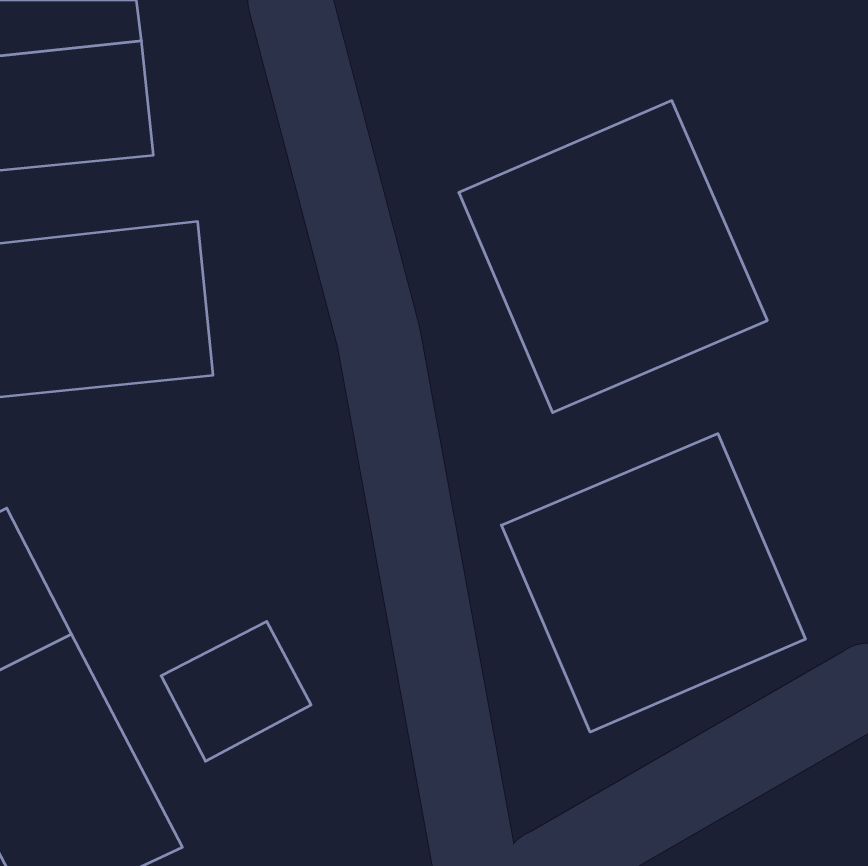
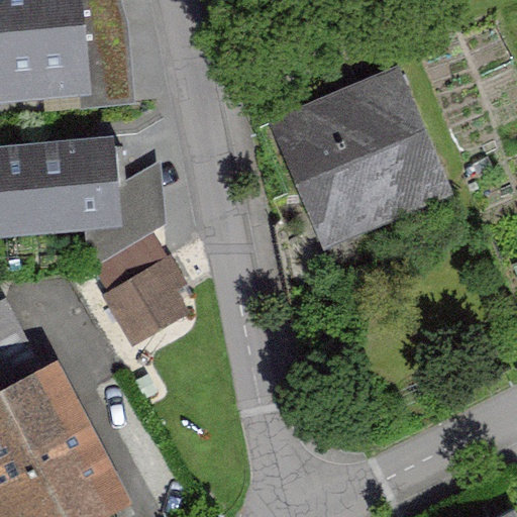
building: [501,434,805,732] -> none
building: [161,621,311,761] -> [105,263,194,345]

